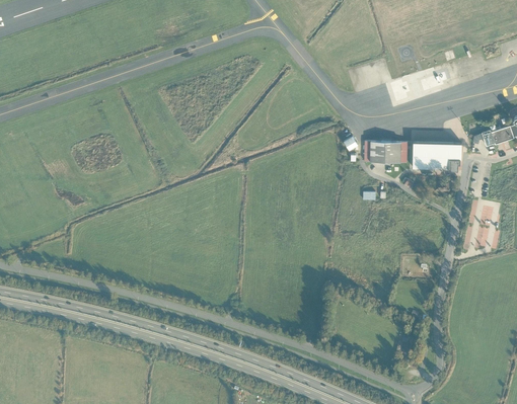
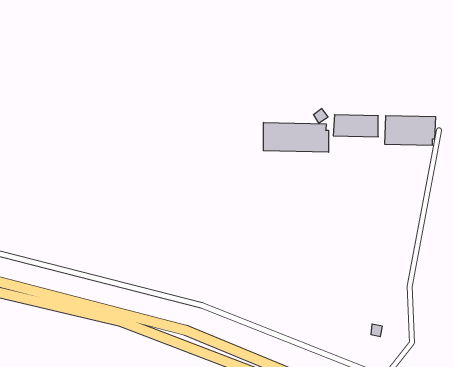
building: none -> [263,122,329,152]

